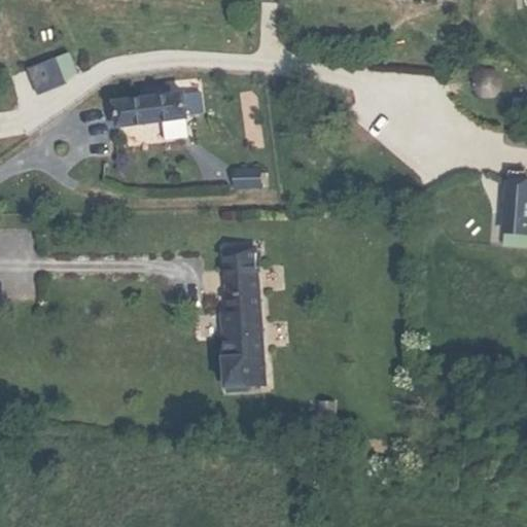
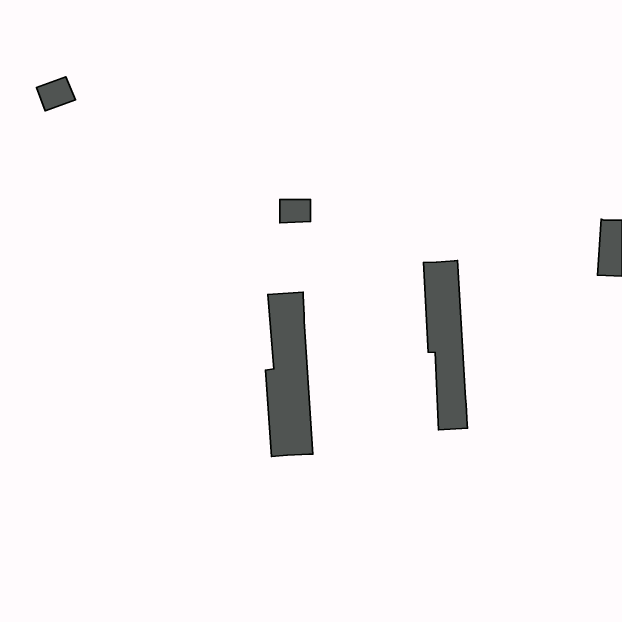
building: [116,87,188,131] -> none
building: none -> [423,261,468,430]

